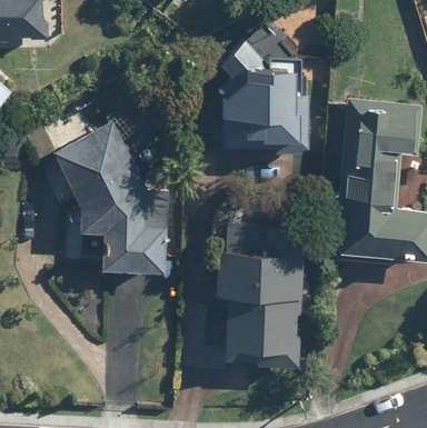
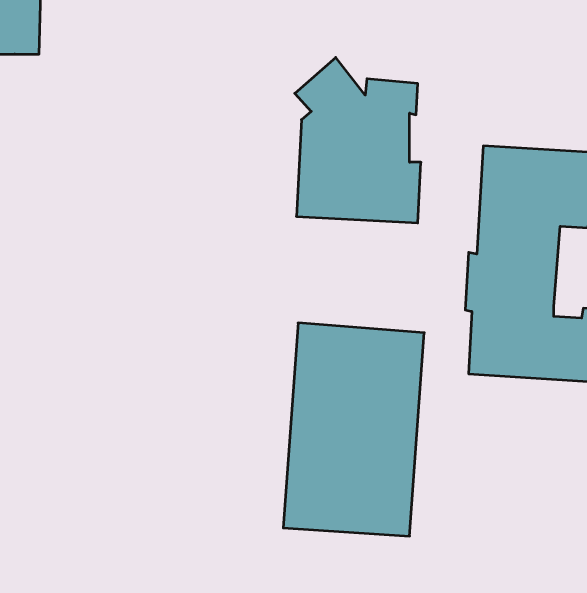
building: [56,122,170,270] -> none

